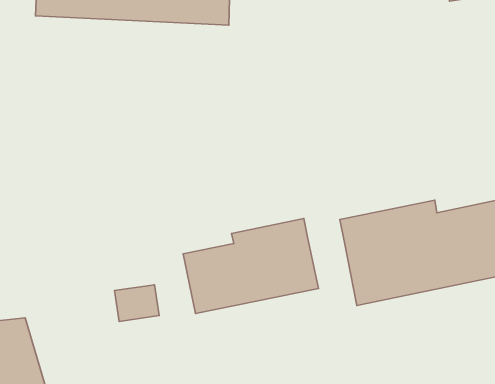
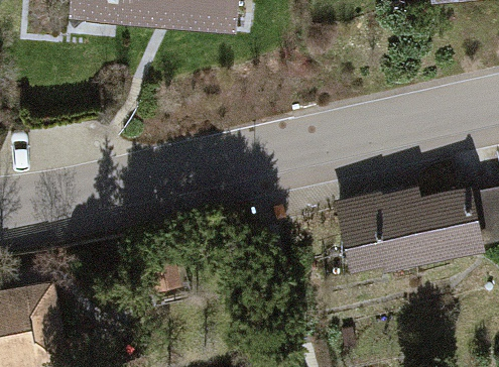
building: [183,219,318,314] -> none

